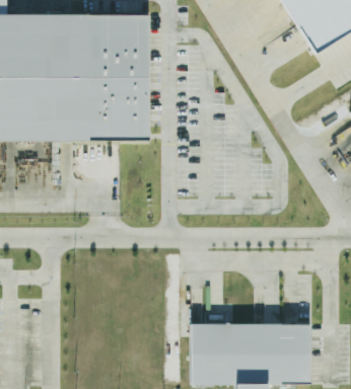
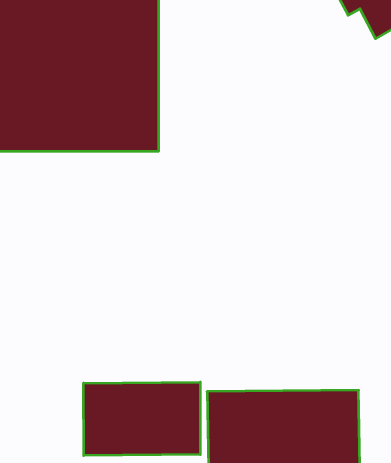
building: none -> [84,382,200,456]

